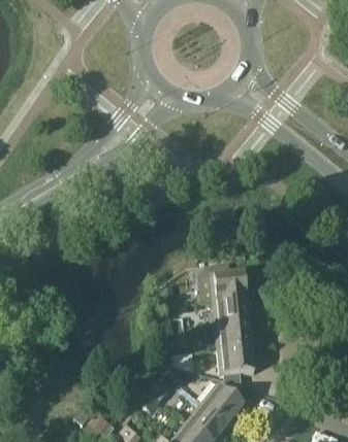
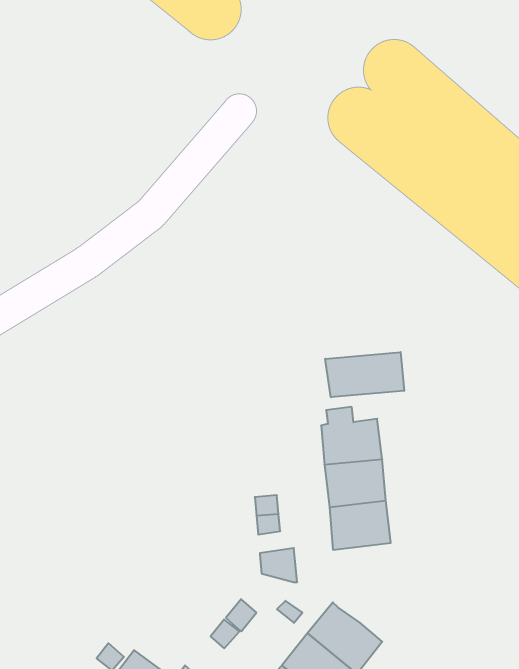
building: none -> [325,352,404,397]
building: [216,348,253,397] -> none

